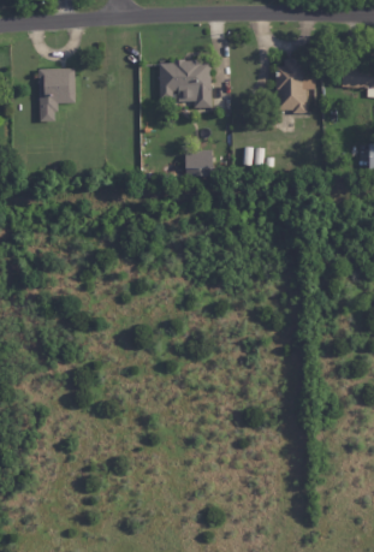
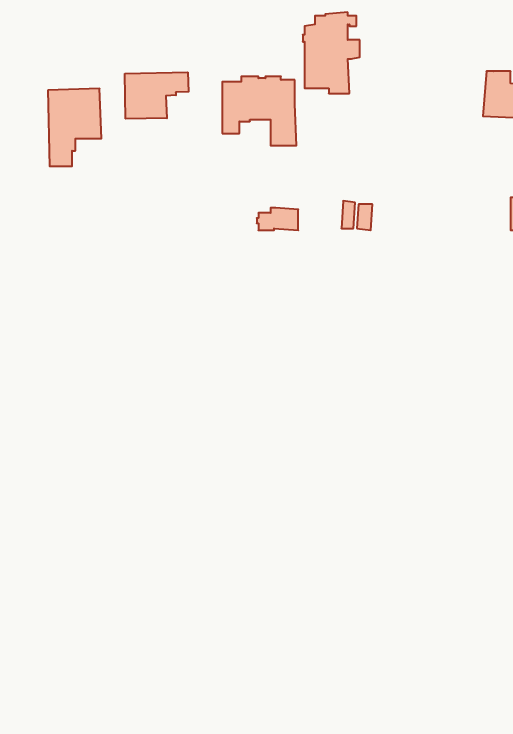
building: none -> [125,72,189,119]
building: [275,58,315,114] -> [303,12,360,93]

